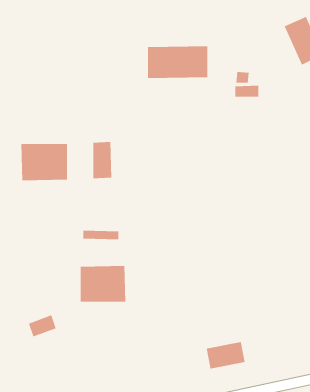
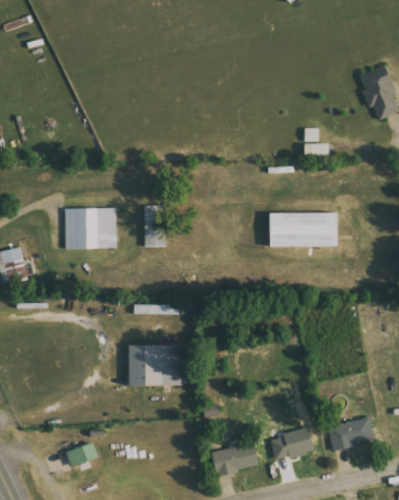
building: [147,46,208,78] -> [271,210,339,247]
building: [28,315,57,337] -> [65,442,97,467]
building: none -> [326,416,374,449]
building: none -> [213,444,258,472]

